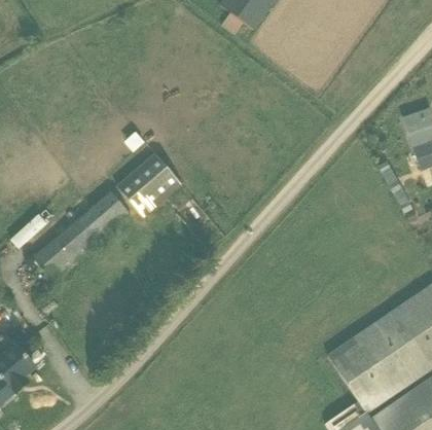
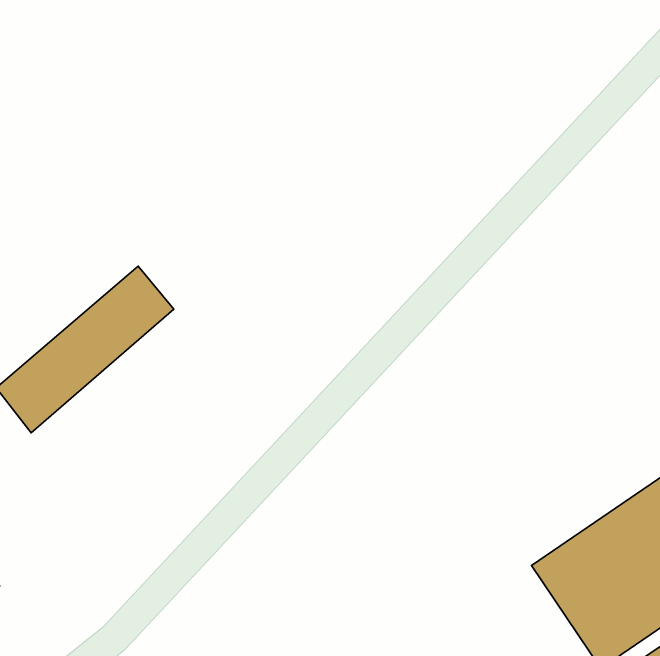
building: [116,152,181,216] -> none

